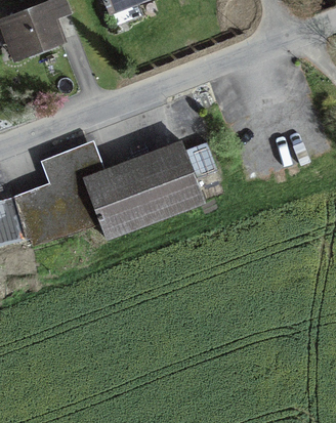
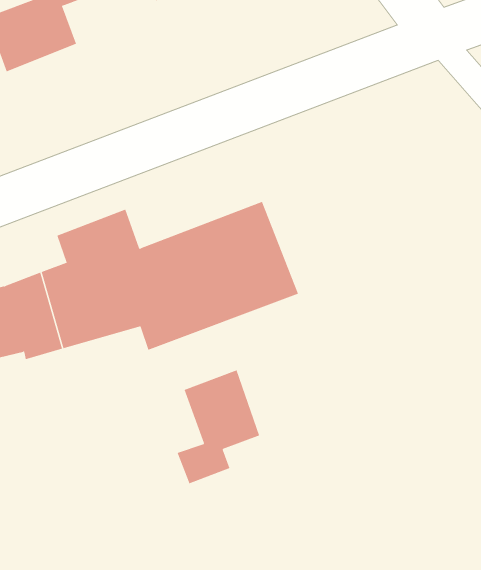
building: none -> [177,370,260,484]

